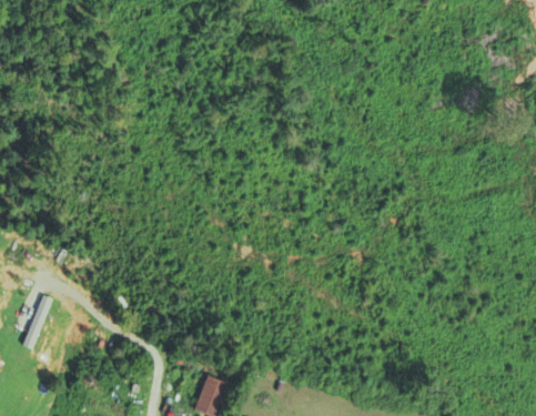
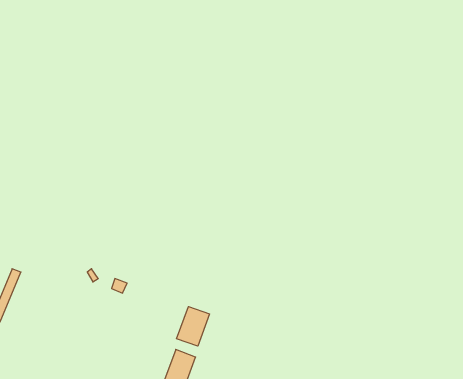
building: none -> [177,307,209,346]

